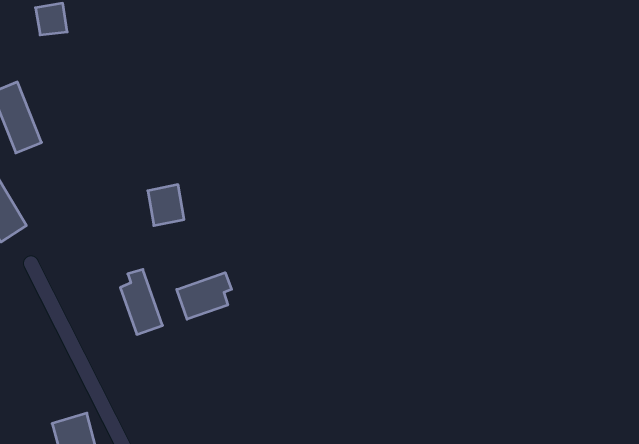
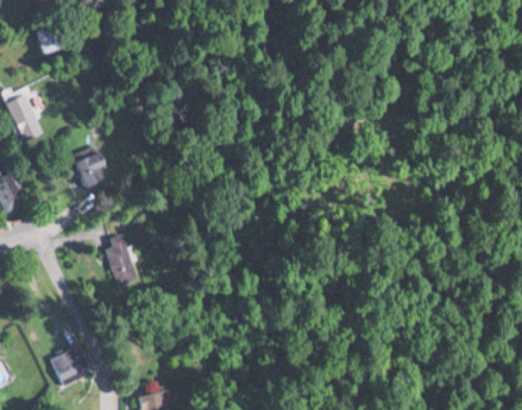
building: [148,185,184,226] -> [78,153,107,185]
building: [177,273,232,319] -> none

